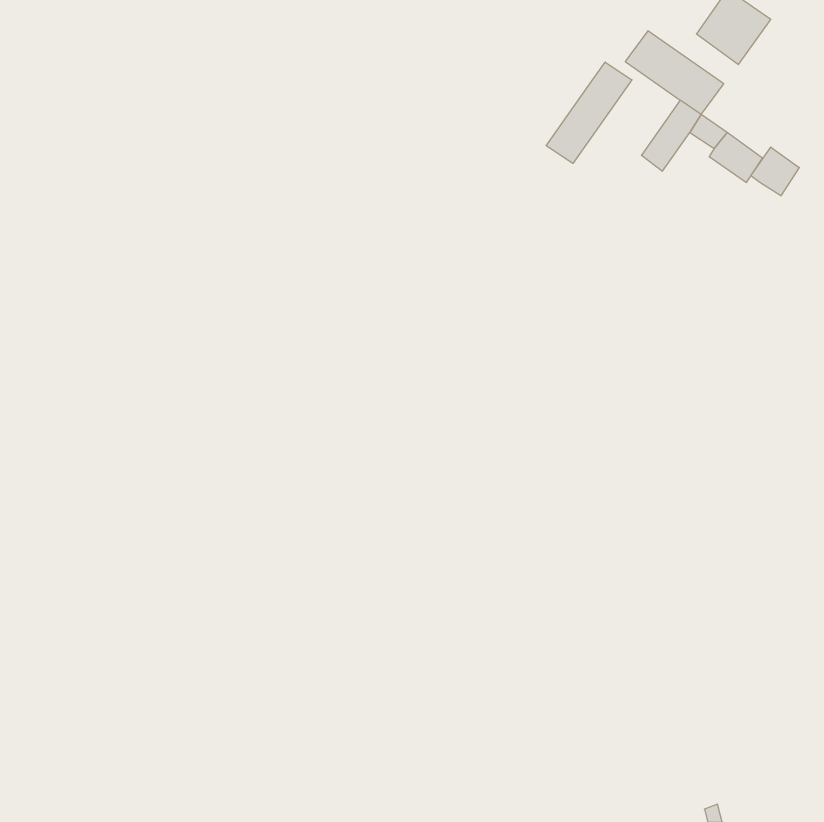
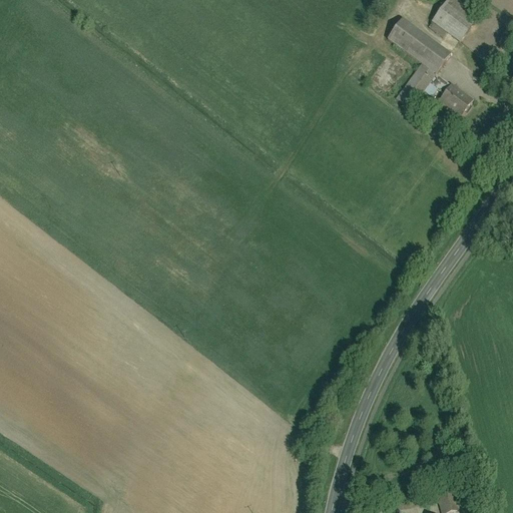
building: [546,62,632,163] -> none
building: [751,147,799,196] -> none

